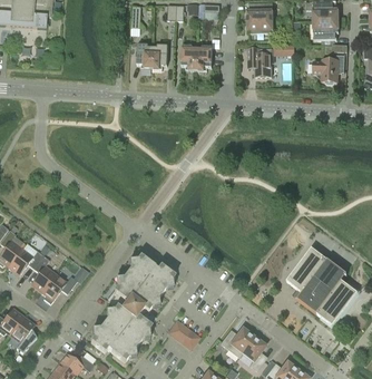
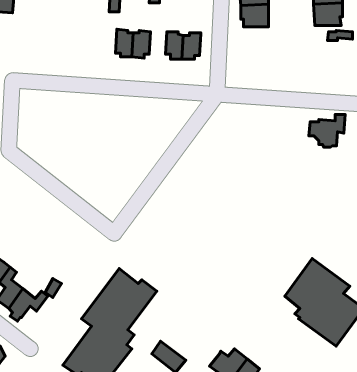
building: [247,48,275,76] -> none
building: [313,54,345,82] -> [309,114,345,147]

